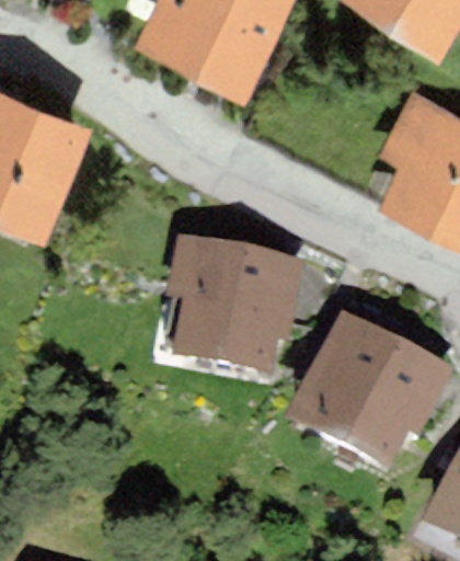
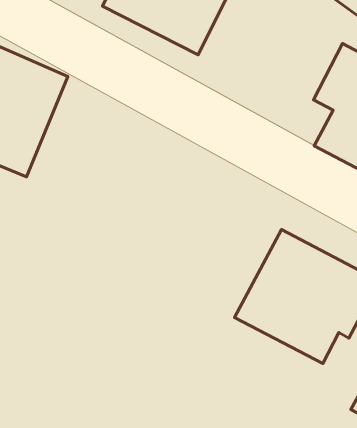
building: [164,233,302,370] -> none

